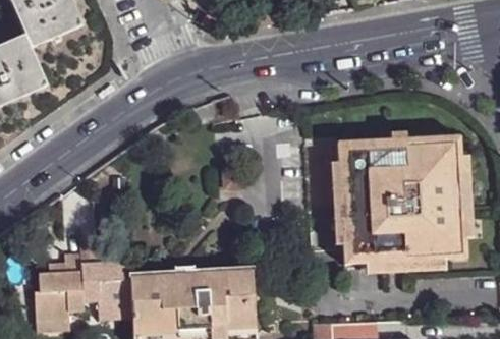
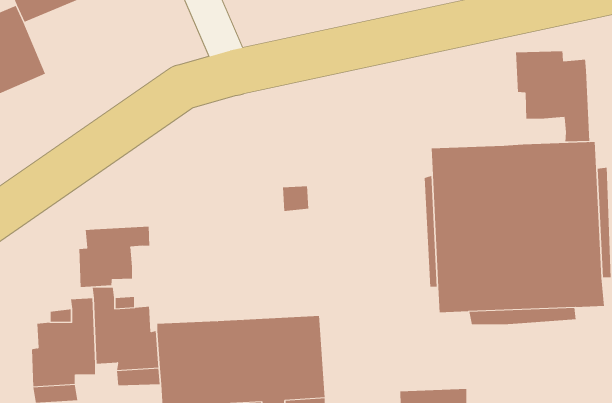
building: none -> [516,51,590,142]
building: none -> [79,226,150,288]

